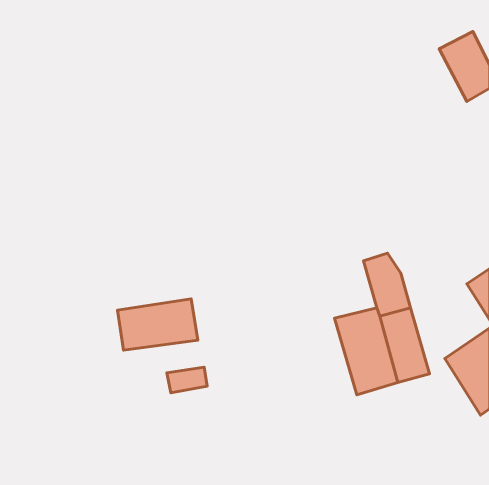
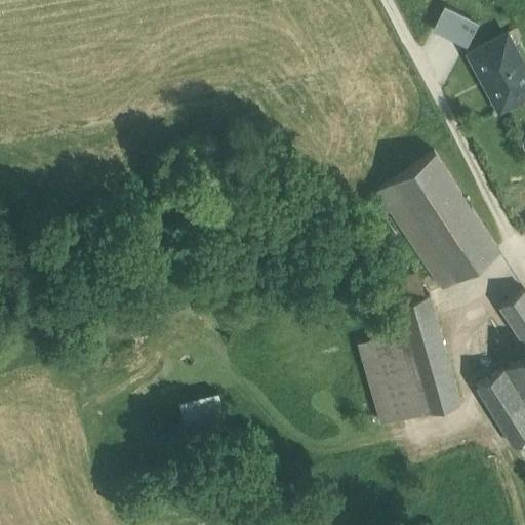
building: none -> [435,12,478,50]
building: none -> [377,155,499,290]
building: [117,299,198,350] -> none

